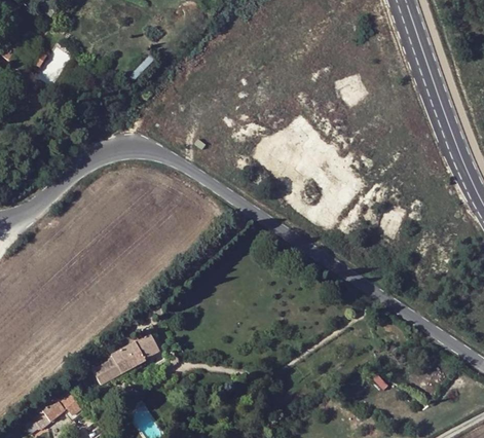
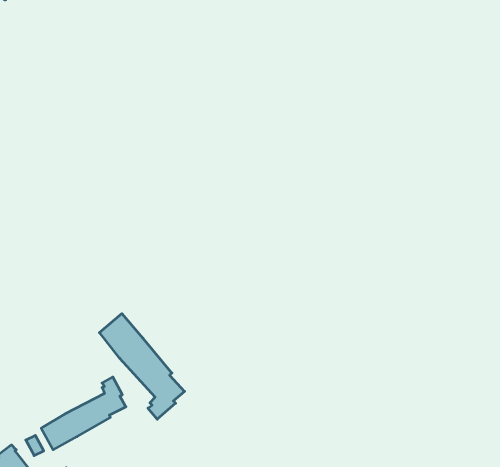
building: none -> [99,314,185,419]

